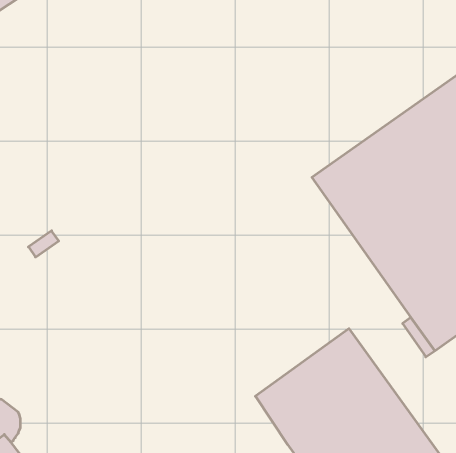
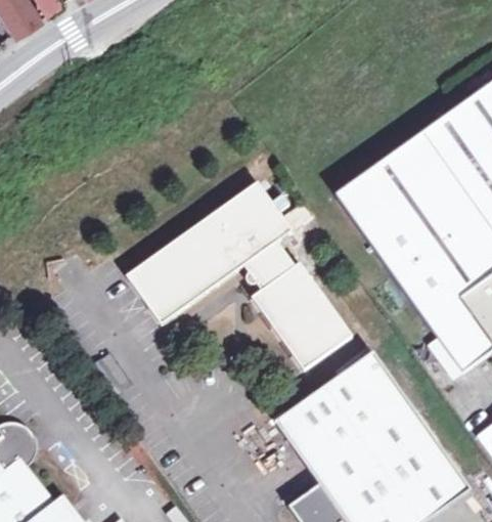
building: none -> [122,183,347,371]

